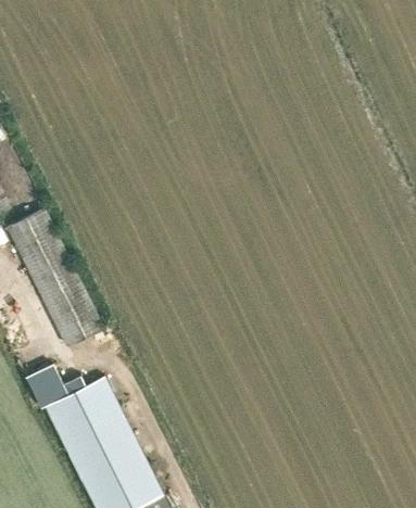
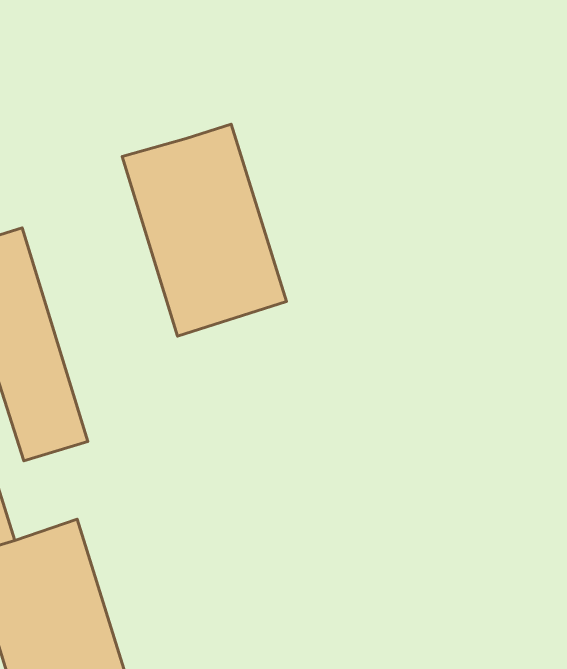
building: none -> [122,124,287,336]

